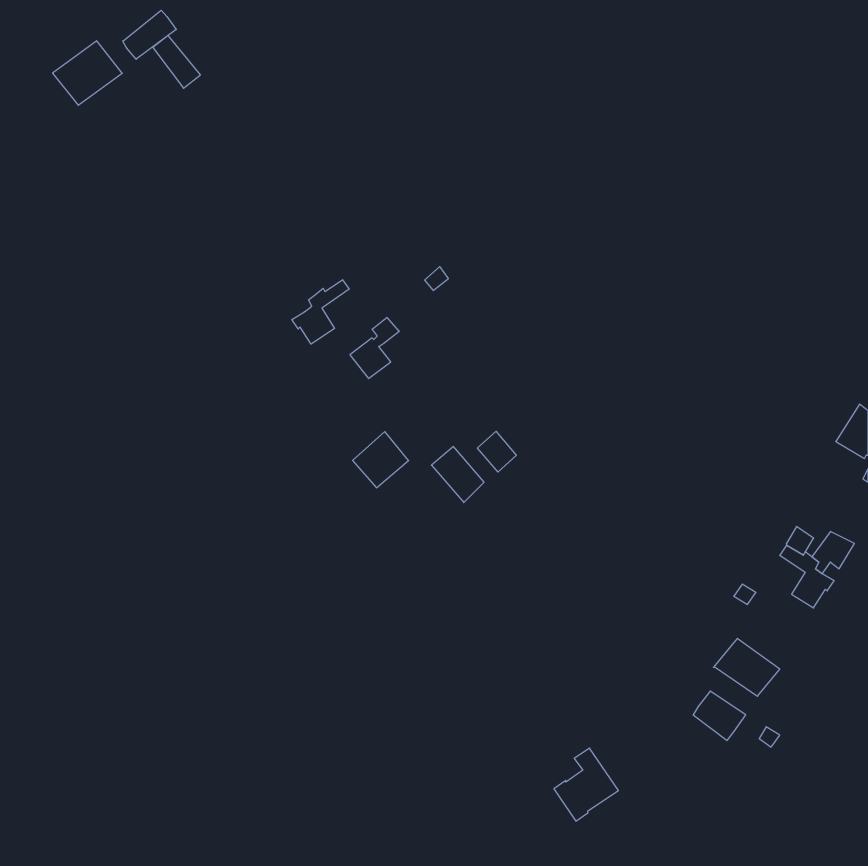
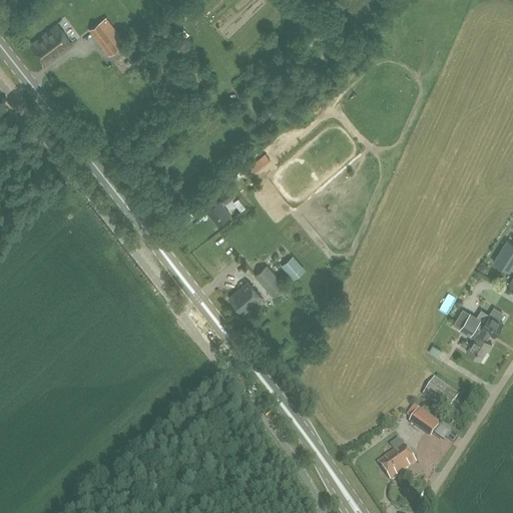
building: [123,10,176,59] -> none
building: [292,280,349,344] -> none
building: [353,432,409,488] -> [229,280,263,313]
building: [554,748,618,821] -> [378,437,416,480]

